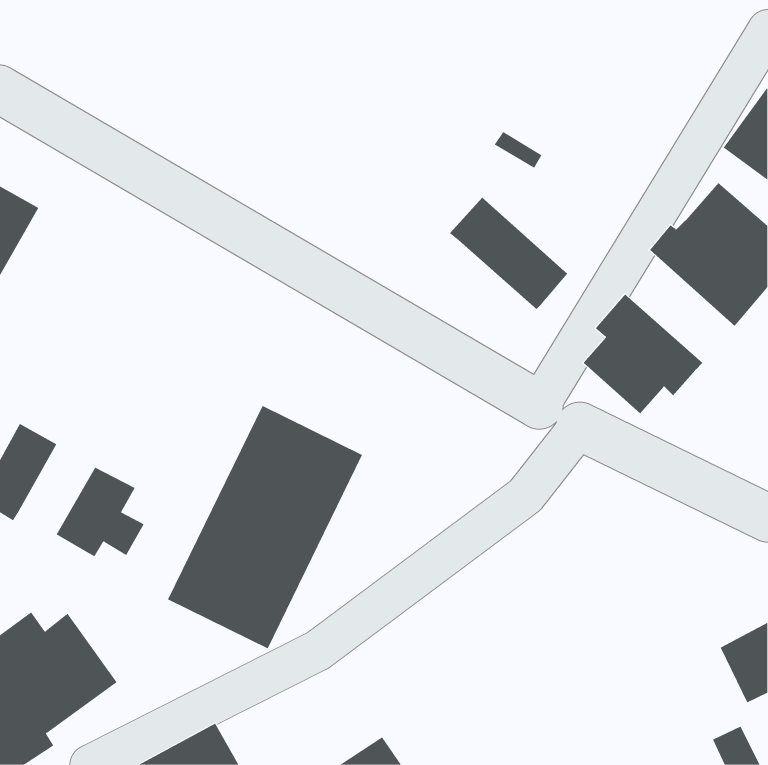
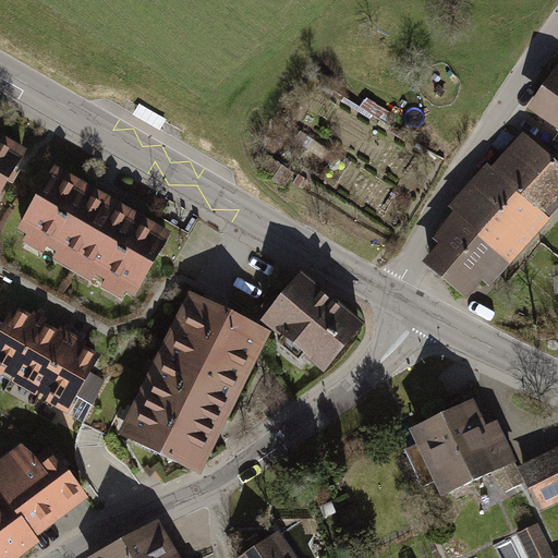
building: [449,197,568,310] -> [446,181,532,263]
building: none -> [17,169,174,300]
building: none -> [265,275,360,367]
building: none -> [13,322,69,387]
building: none -> [414,407,511,497]

